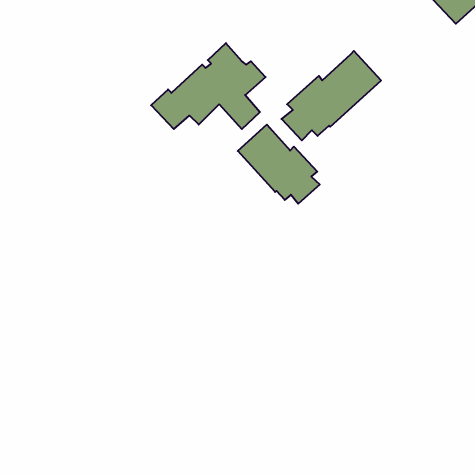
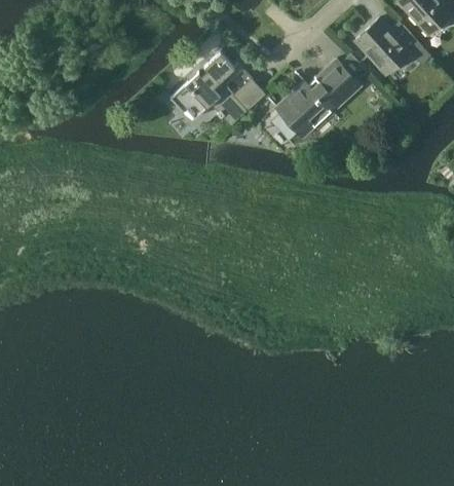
building: none -> [356,16,432,73]
building: [238,125,320,204] -> none

